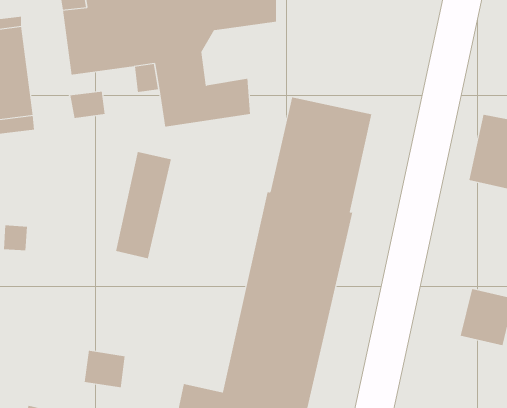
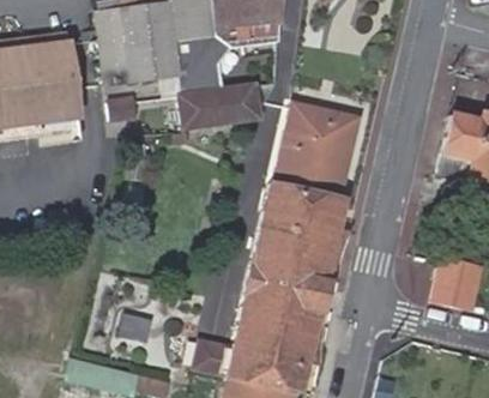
building: [116,151,171,259] -> none

